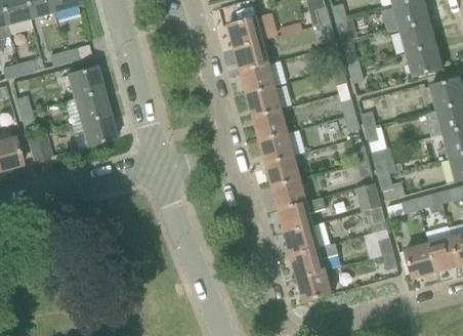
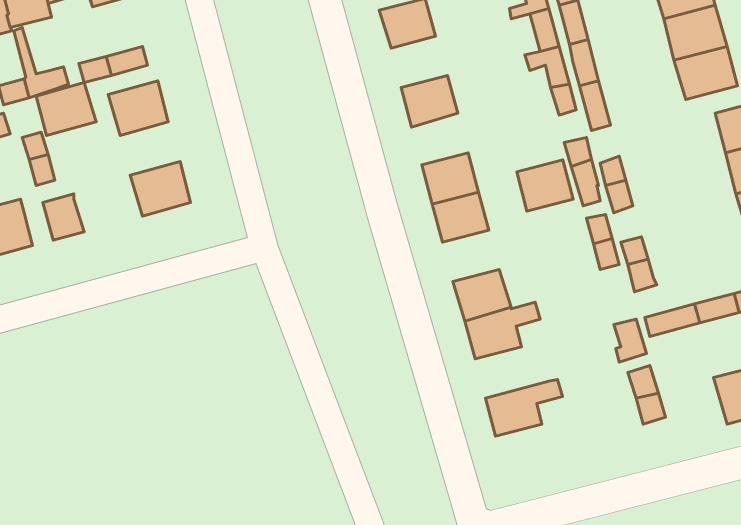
building: [235,39,268,70] -> none
building: [247,85,281,116] -> none
building: [73,90,109,122] -> [36,82,96,136]
building: [265,155,299,185] -> [517,160,573,211]
building: [353,183,381,214] -> none
building: [285,221,329,255] -> none
building: [405,243,435,277] -> none
building: [297,270,331,301] -> none

